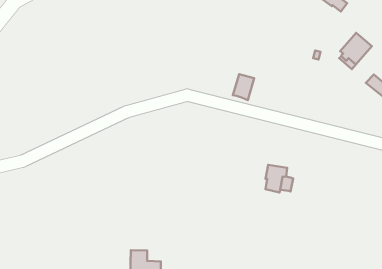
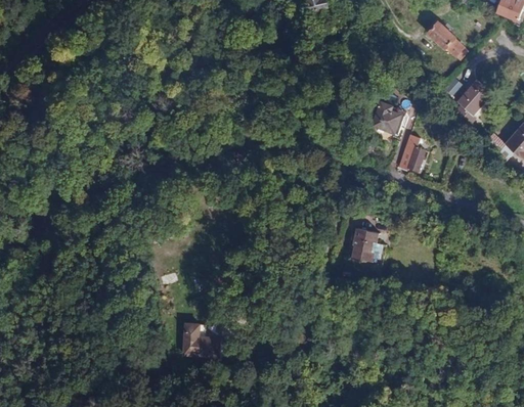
building: [233,74,254,100] -> [374,106,400,138]
building: none -> [398,132,425,169]

